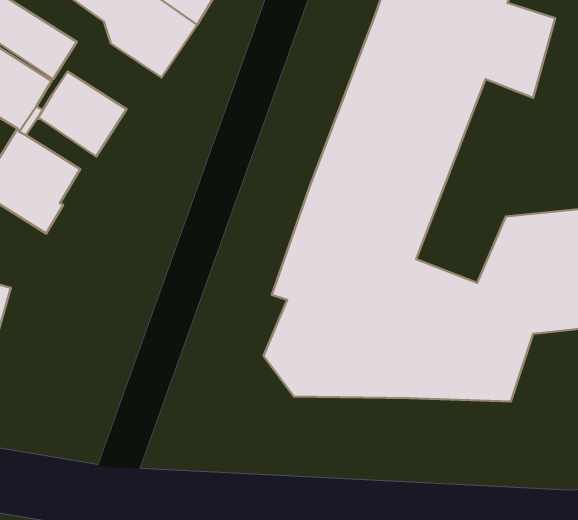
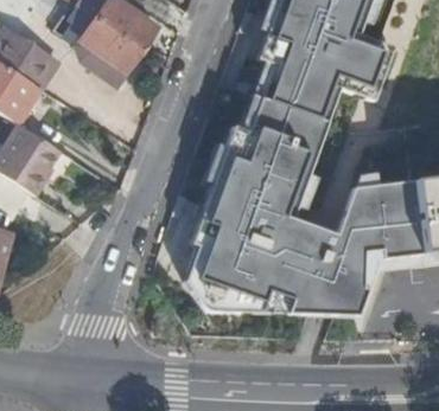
building: [37,71,127,157] -> none

